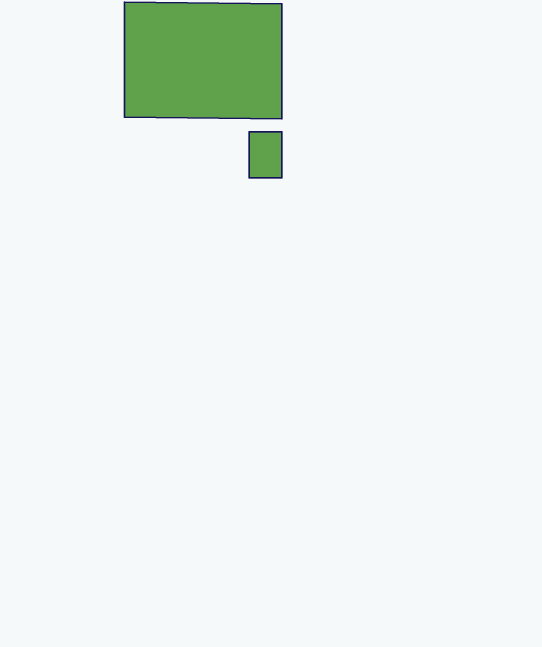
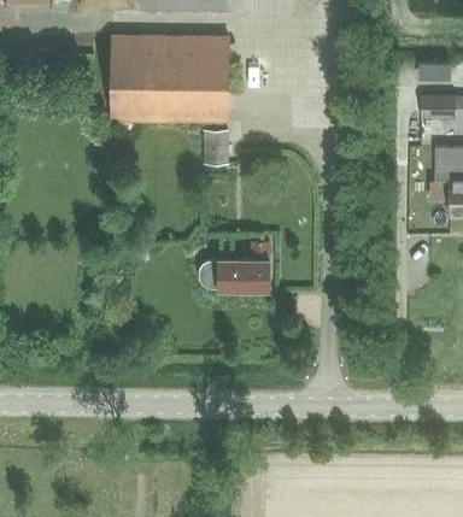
building: none -> [199,241,270,289]

